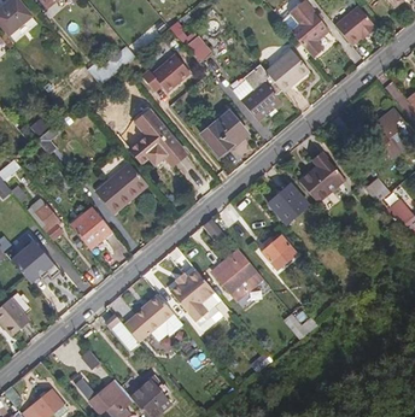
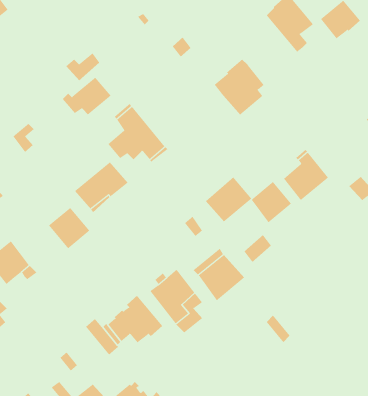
building: [265,49,309,92] -> none
building: [141,54,189,92] -> [62,77,111,115]
building: [201,110,247,154] -> [205,176,252,222]
building: [29,199,63,240] -> none

